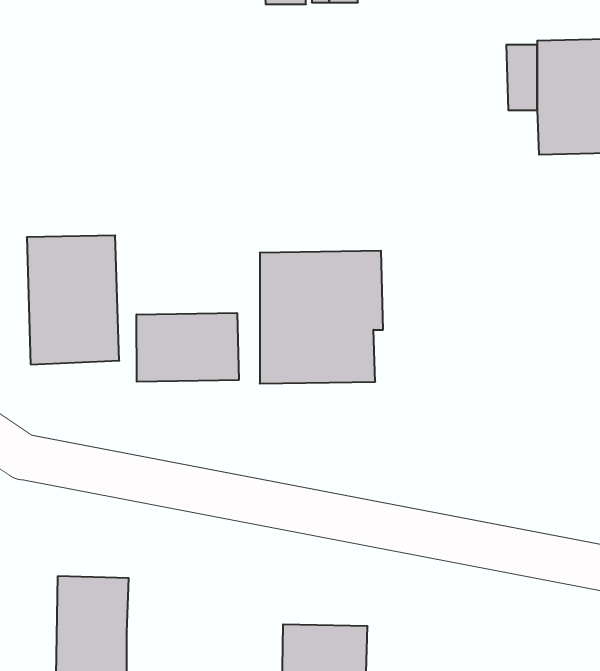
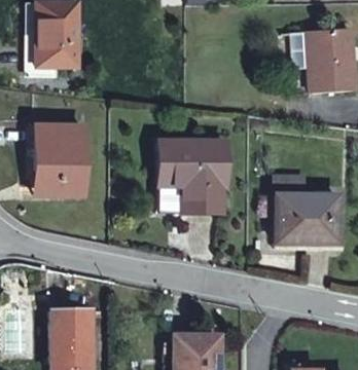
building: none -> [34,12,75,77]
building: [137,313,239,382] -> none
building: none -> [275,172,338,237]

